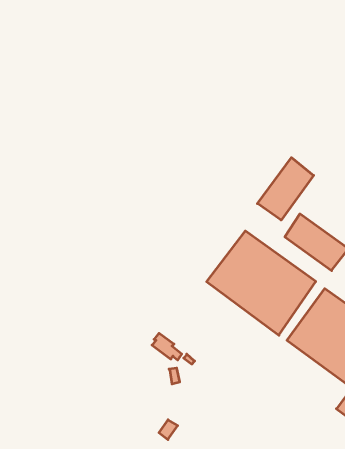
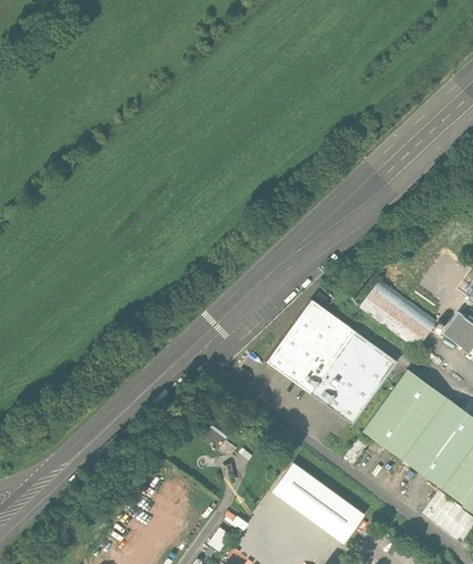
building: [257,158,314,220] -> none
building: none -> [271,463,364,544]

